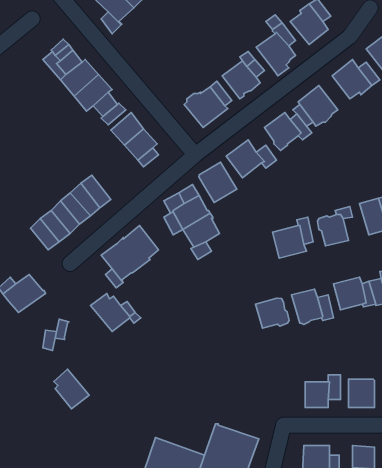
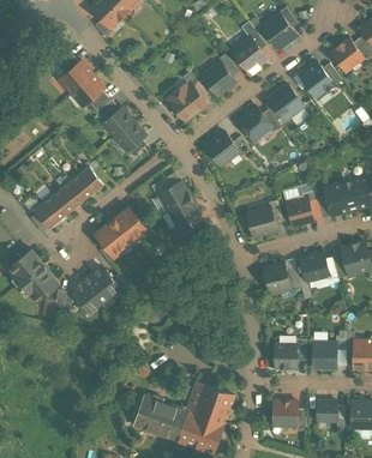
building: [199,162,237,203] -> none
building: none -> [22,267,59,302]
building: [255,298,289,328] -> none
building: [54,369,89,409] -> [73,278,104,313]

